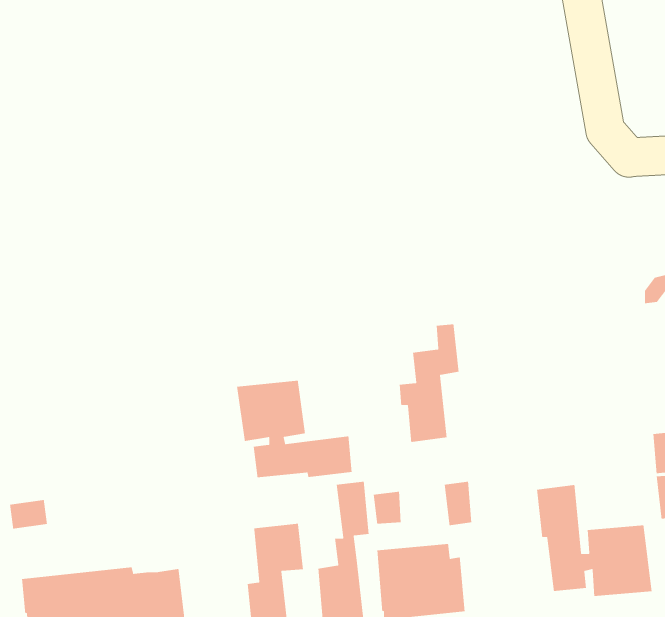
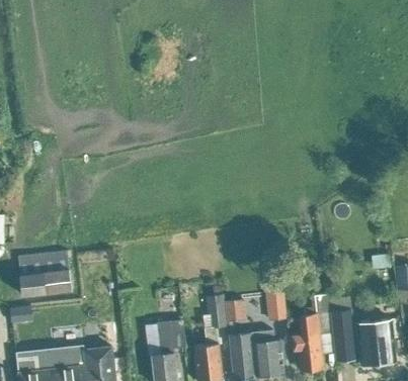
building: [399,323,459,443] -> [292,299,328,371]
building: [236,380,353,478] -> none
building: none -> [17,251,70,296]

